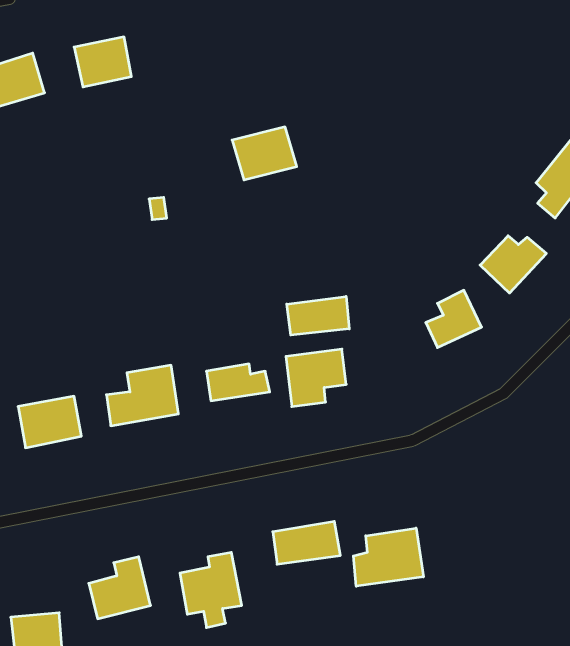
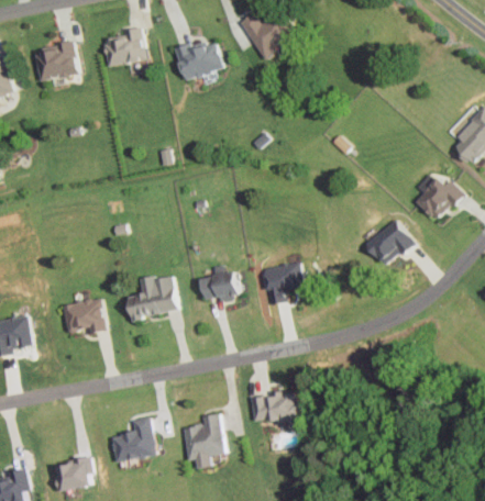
building: none -> [241,11,295,57]
building: [232,127,297,180] -> [177,40,225,79]
building: [287,296,349,335] -> none
building: [353,528,423,586] -> none

